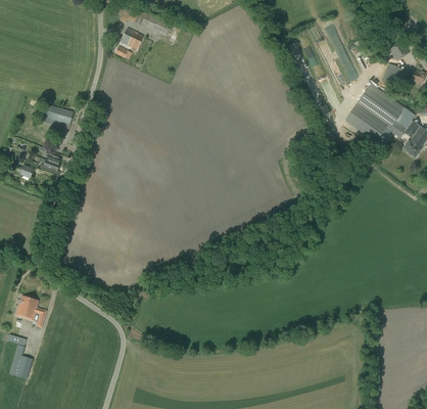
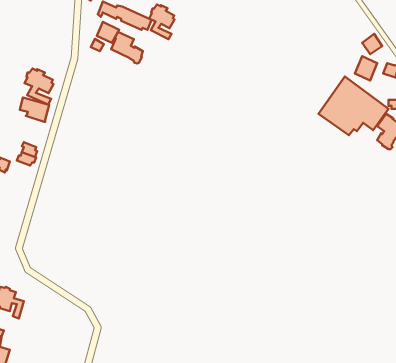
building: none -> [149,4,174,39]
building: none -> [111,32,143,63]
building: none -> [25,68,54,105]

